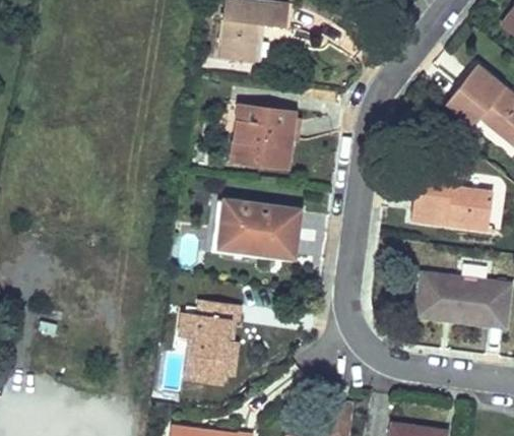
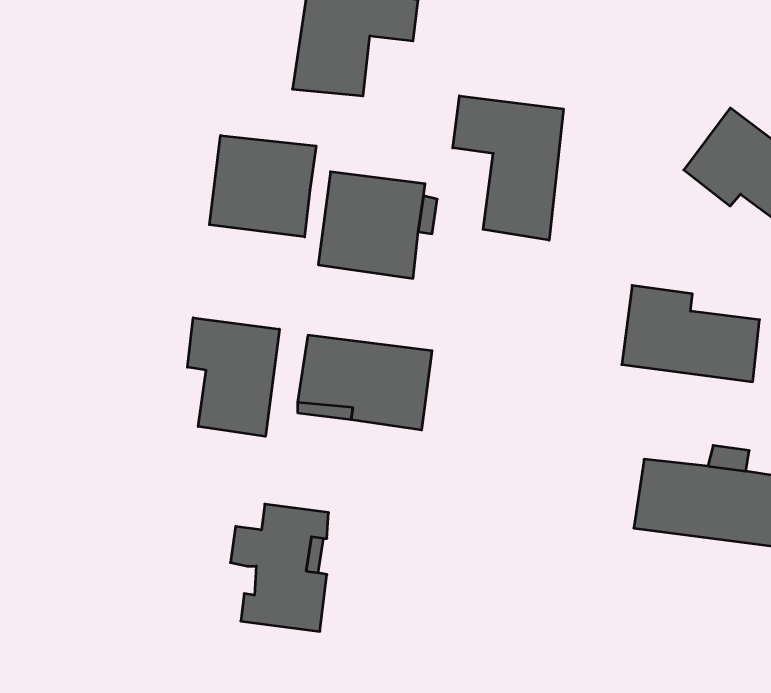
building: none -> [453,96,563,240]
building: none -> [209,135,316,237]
building: none -> [187,318,279,436]

